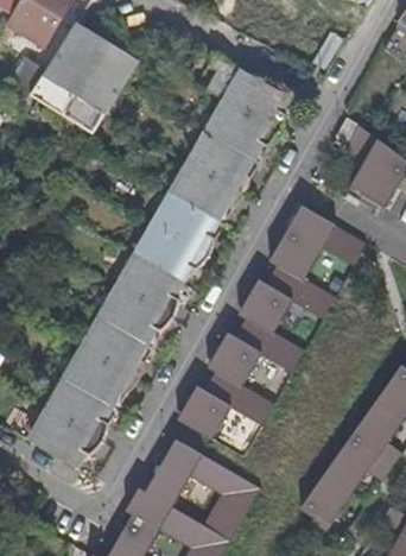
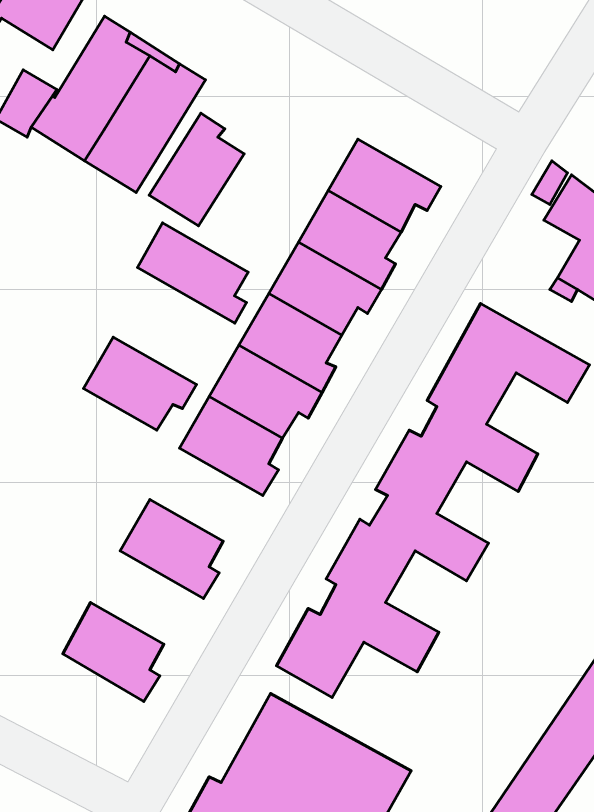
building: [227,70,288,129] -> none
building: none -> [149,113,244,226]
building: none -> [137,223,248,323]
building: [102,286,170,342] -> [84,337,196,430]
building: [66,348,134,404] -> none
building: [31,410,99,466] -> none

